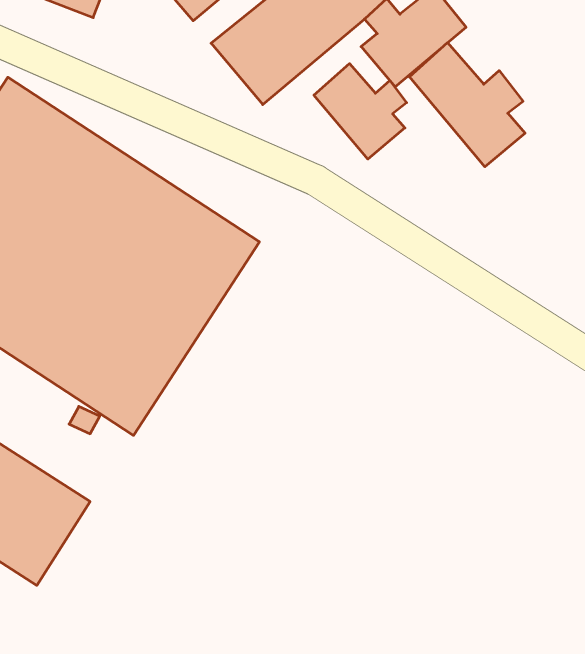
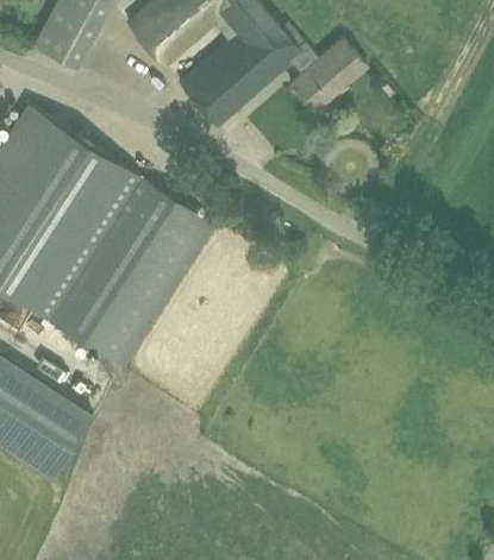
building: [409,43,525,167] -> none
building: [314,64,407,159] -> none

